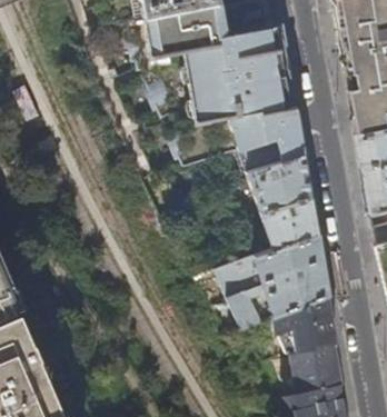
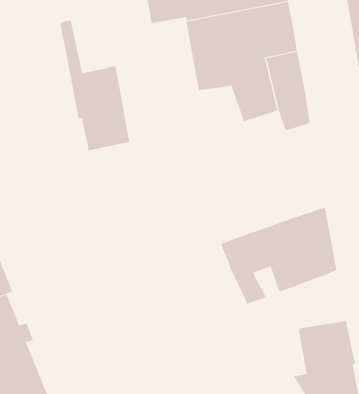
building: none -> [60,20,130,151]
building: [241,140,320,248] -> none
building: [274,294,340,351] -> none

